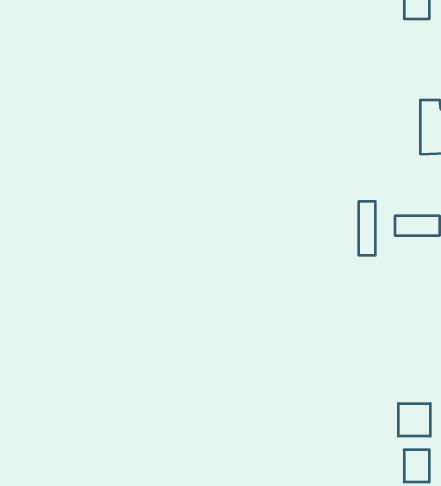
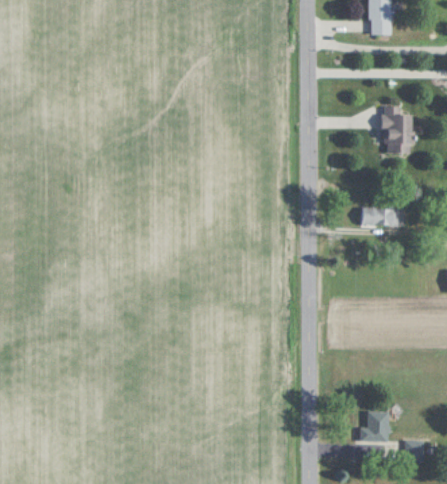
building: [359,201,375,255] -> none
building: [398,403,430,436] -> none

